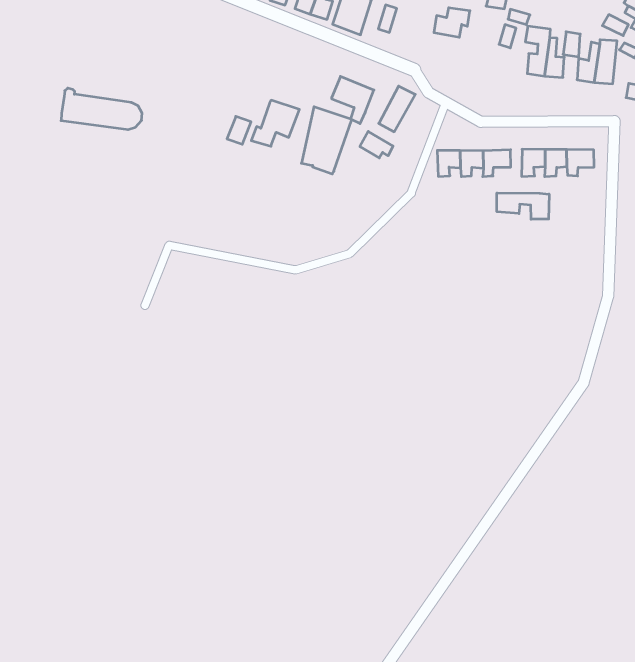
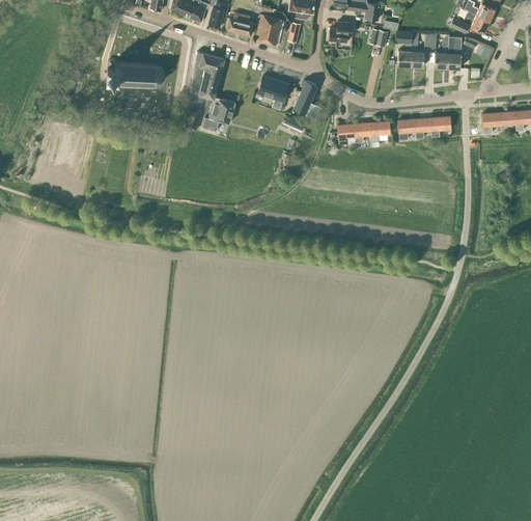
building: [61,88,142,130] -> [107,58,165,85]
building: [301,107,352,174] -> [191,51,225,99]
building: [497,193,549,219] -> none

